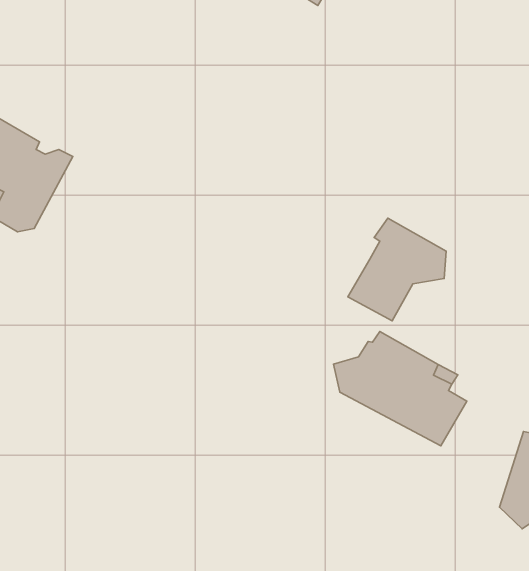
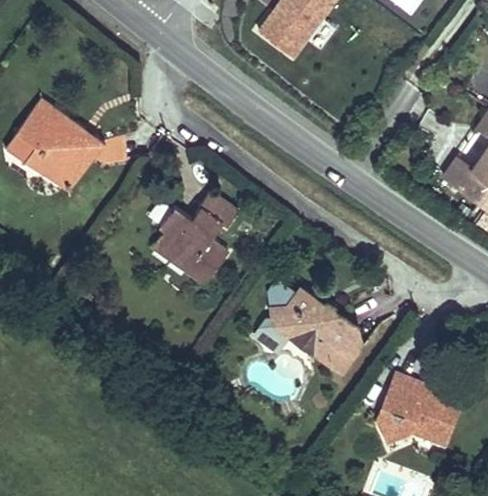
building: none -> [159,192,237,286]
building: [348,218,446,321] -> none

